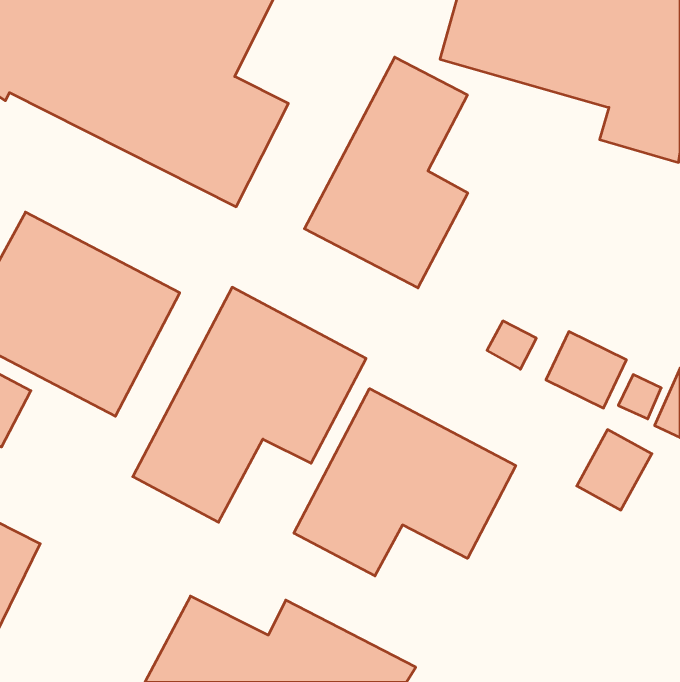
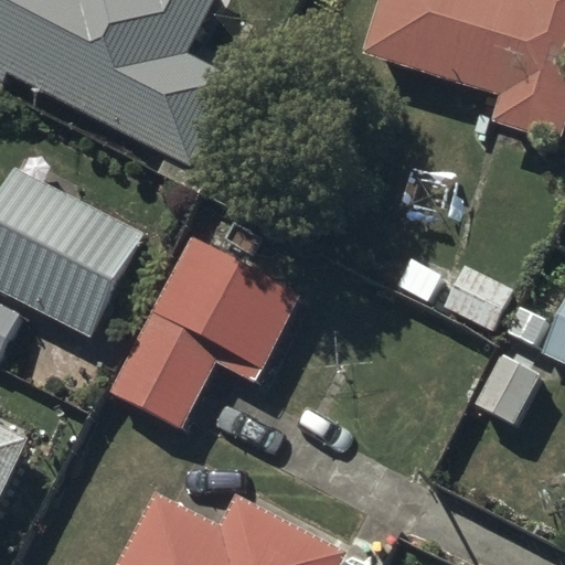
building: [304,57,468,288] -> none
building: [294,389,516,576] -> none

